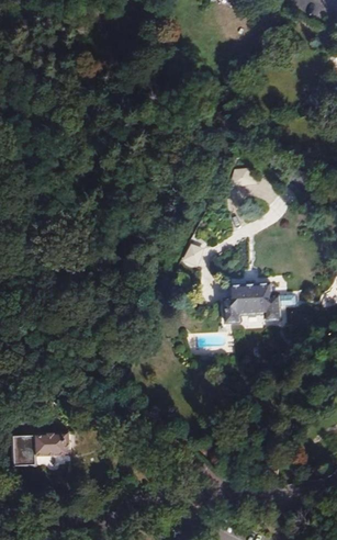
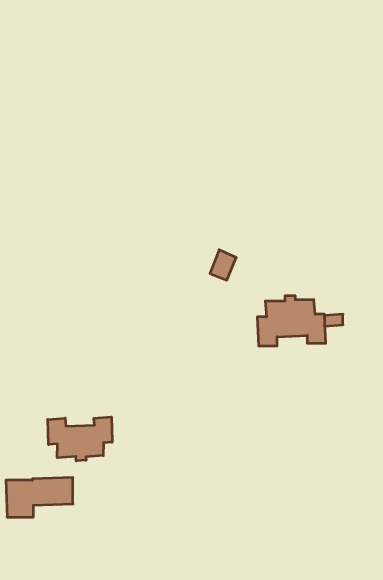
building: none -> [48,417,112,461]

